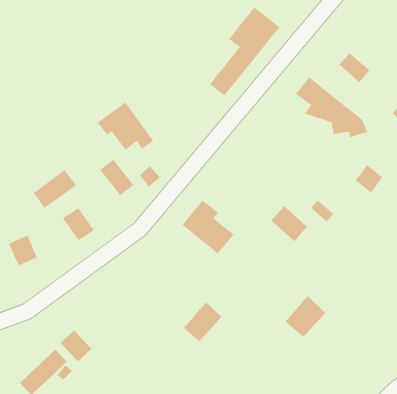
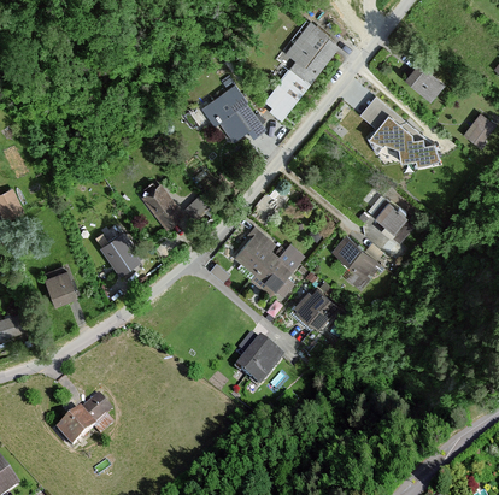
building: [97,101,154,151] -> [204,87,266,141]
building: [355,164,383,194] -> [374,200,405,232]
building: [33,169,77,209] -> none
building: [284,295,326,338] -> [289,285,335,332]
building: [60,329,92,362] -> none

